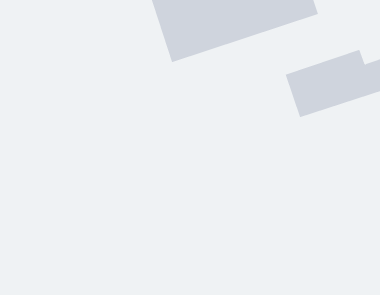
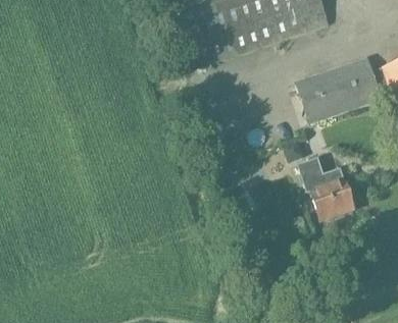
building: none -> [298,156,355,220]

